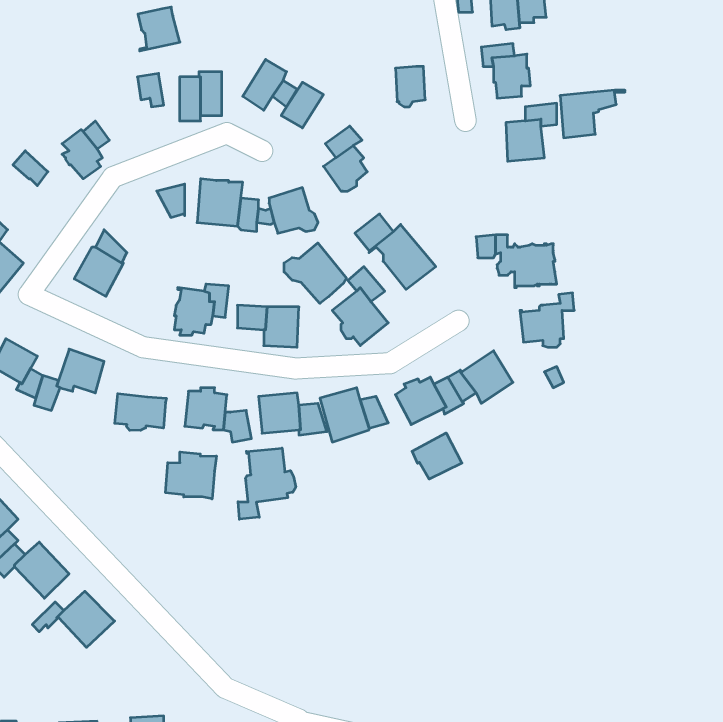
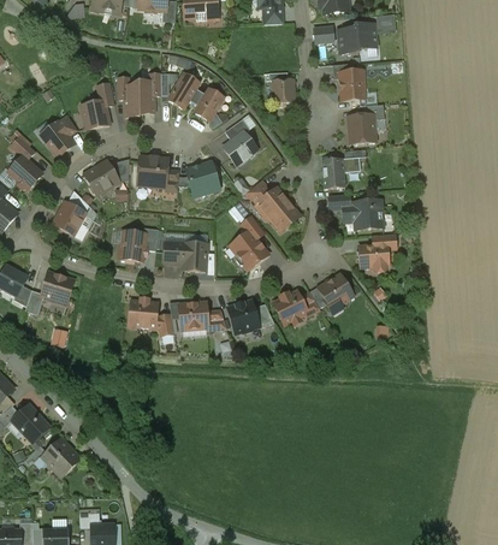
building: [138,7,180,51] -> [81,100,109,130]
building: [560,90,625,138] -> [320,156,364,189]
building: none -> [7,155,41,189]
building: none -> [83,160,118,195]
building: [284,243,346,303] -> none
building: [115,394,166,430] -> none
building: [412,433,462,479] -> none
building: [238,448,296,519] -> none
building: [166,452,216,499] -> none

